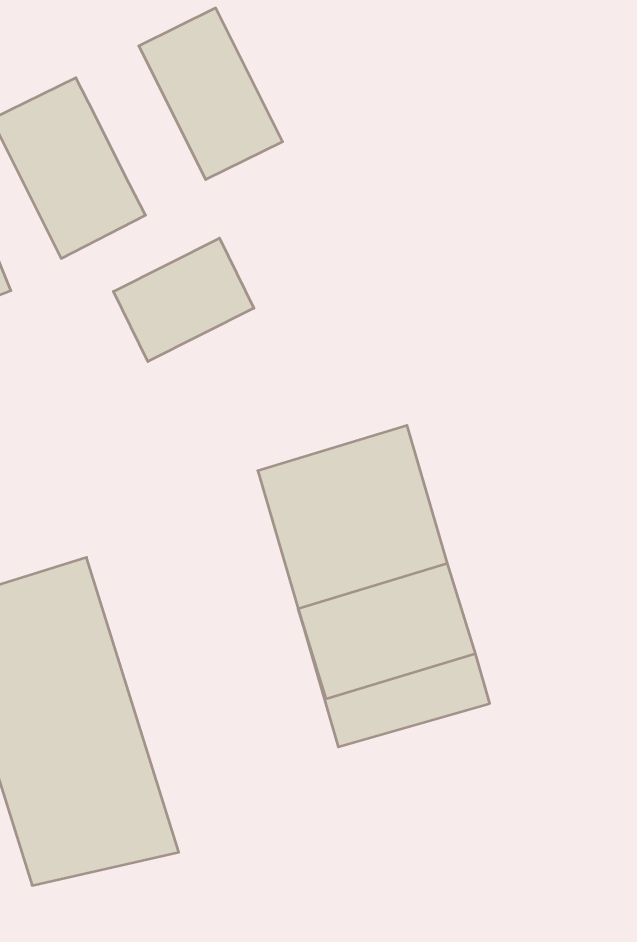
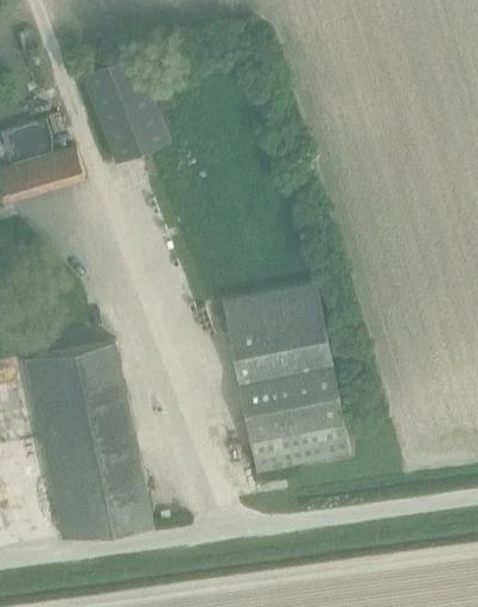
building: [139,8,283,180] -> none
building: [113,238,254,362] -> none

